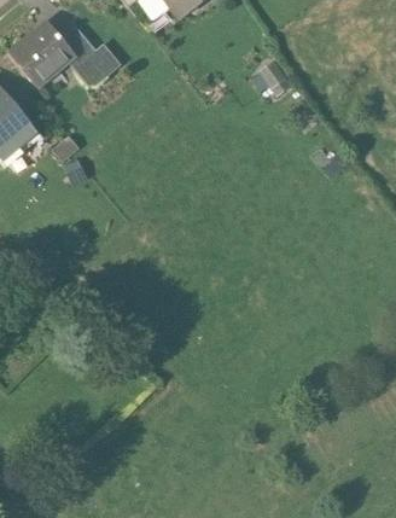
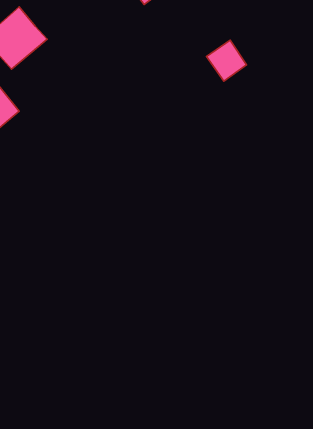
building: [58,25,121,92] -> none

